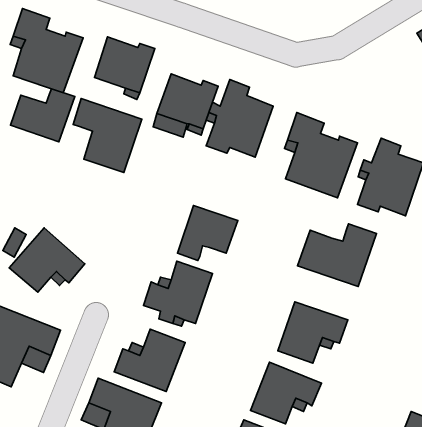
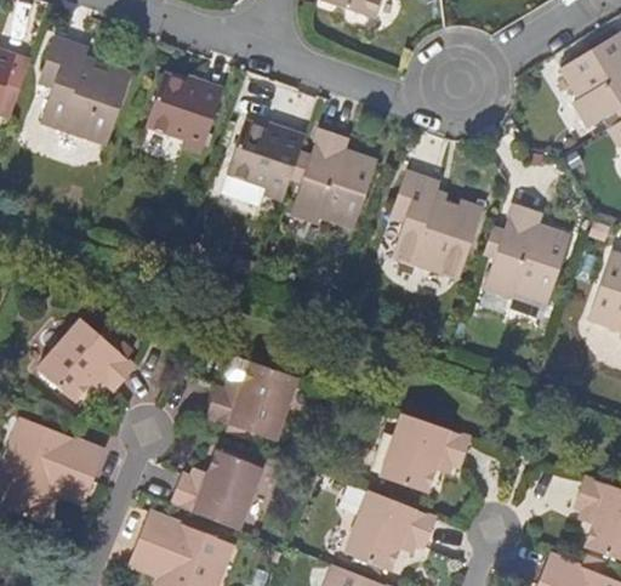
building: [10,89,75,142] -> none
building: [73,98,142,172] -> none
building: [177,205,238,261] -> none
building: [298,224,376,287] -> none

